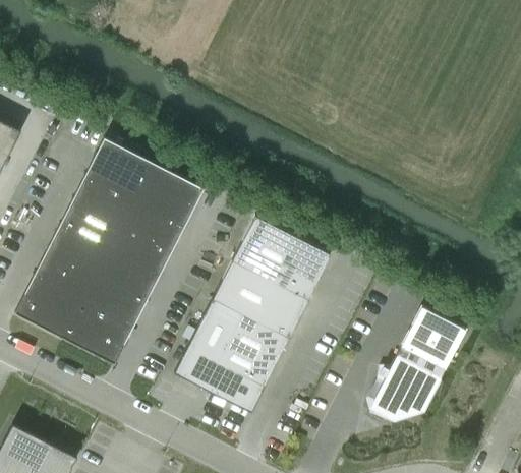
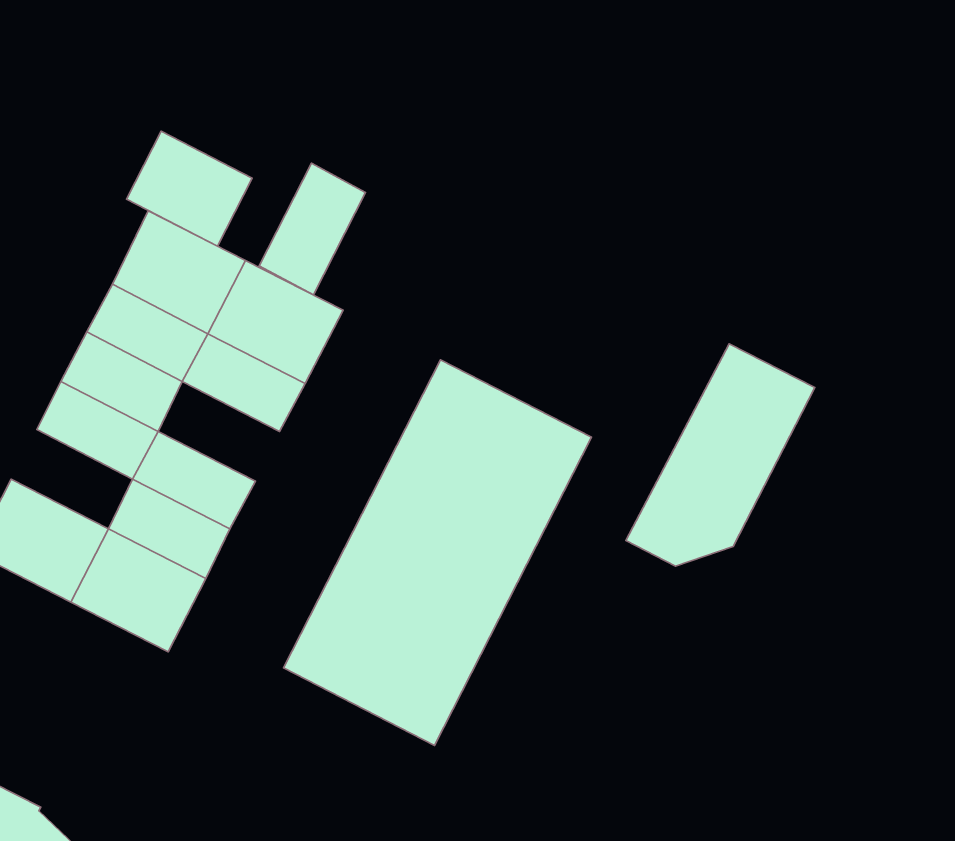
building: none -> [127,131,252,246]
building: none -> [259,163,366,295]
building: [109,226,171,277] -> none
building: [34,250,96,301] -> none
building: [368,307,465,421] -> [626,344,815,566]

